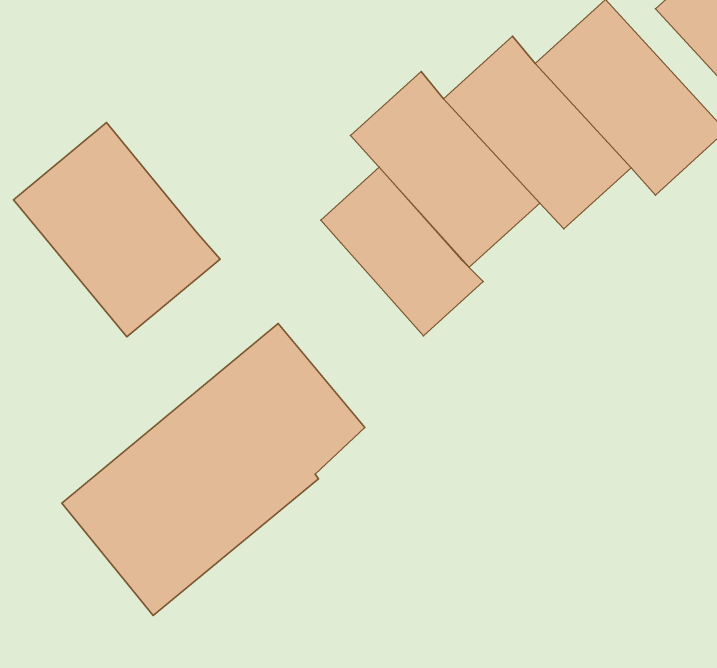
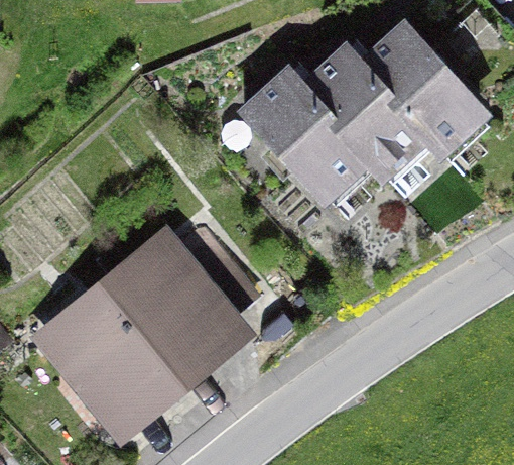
building: [13,122,220,337] -> none
building: [321,167,483,336] -> none

